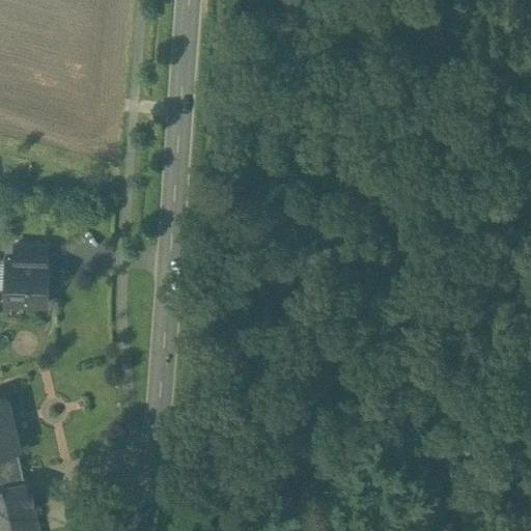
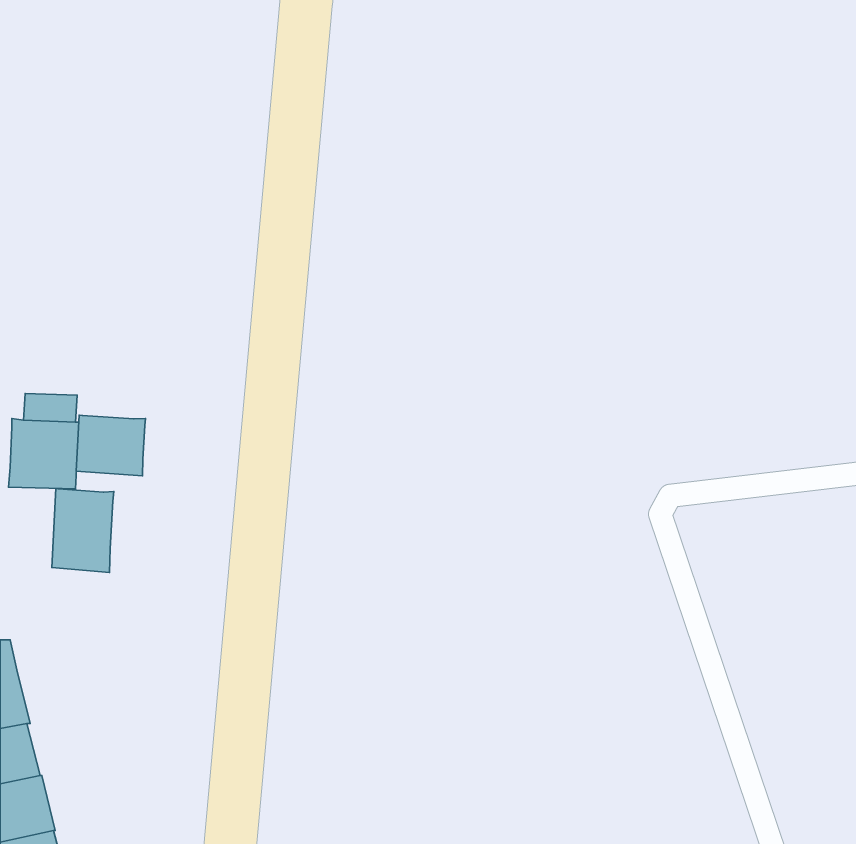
building: none -> [76,415,146,476]
building: none -> [52,488,114,572]

